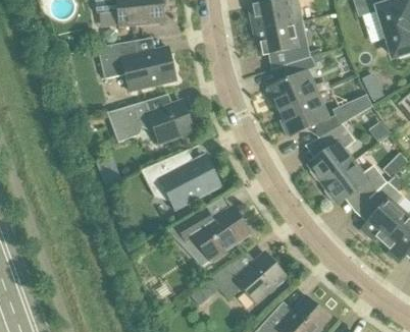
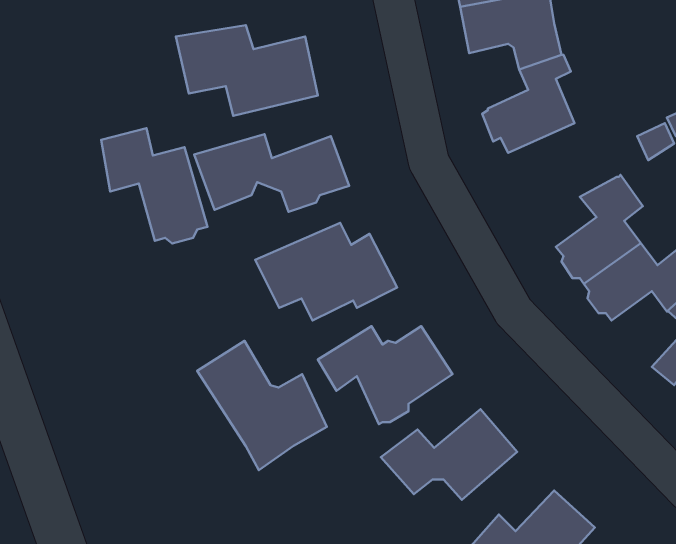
building: [280,95,342,137] -> none
building: none -> [101,128,208,243]
building: none -> [197,341,327,470]

